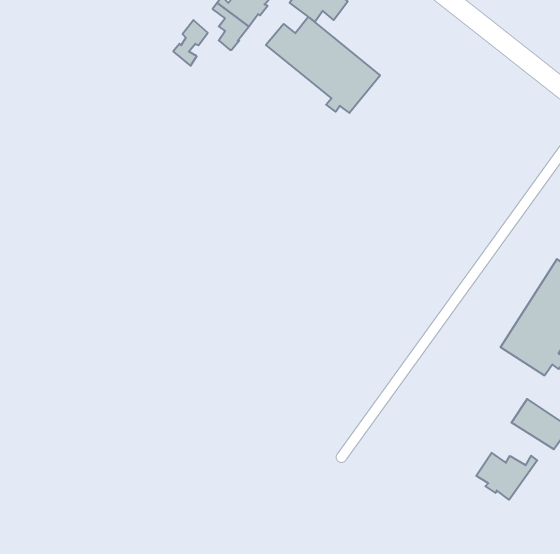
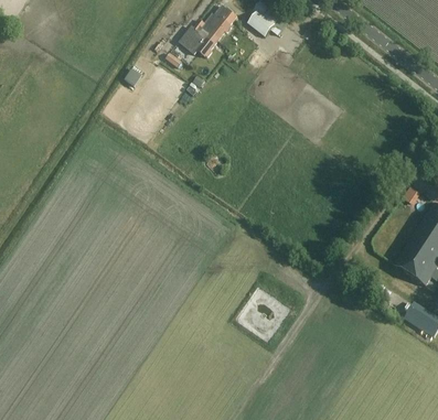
building: [266,17,380,113] -> none
building: [476,453,537,500] -> none

